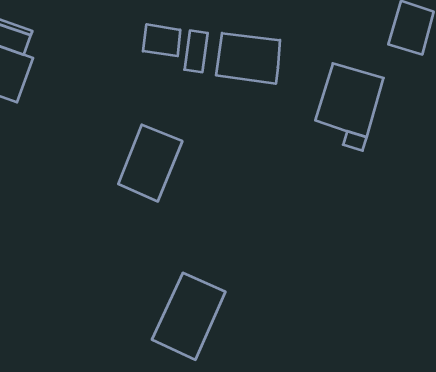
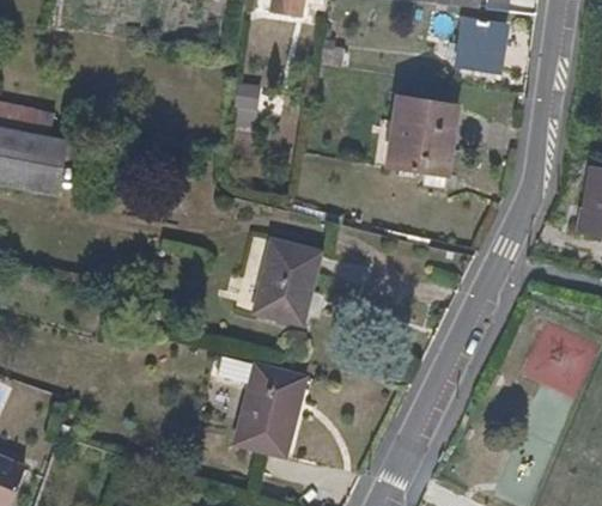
building: [143,24,180,56] -> none
building: [216,33,280,84] -> none
building: [118,125,182,201] -> [254,242,318,324]

